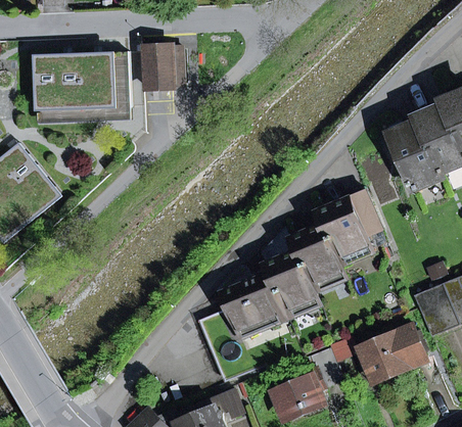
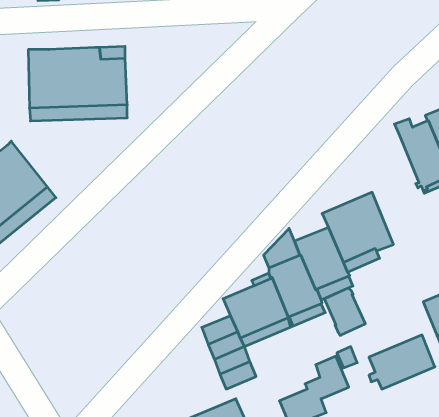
building: [145,46,183,89] -> none
building: none -> [325,288,365,335]

